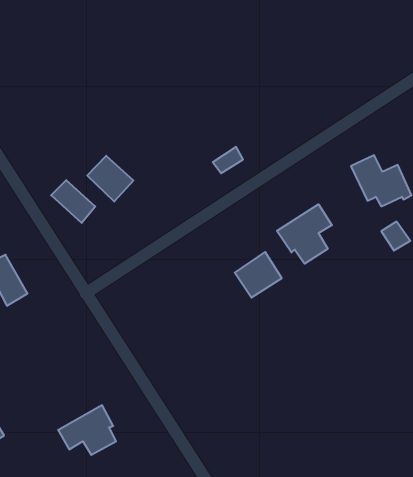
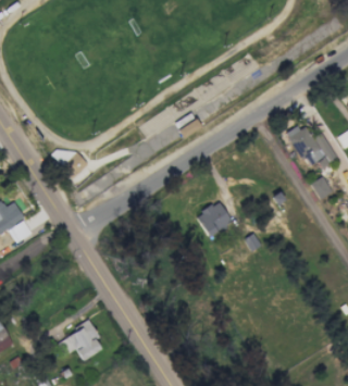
building: [87,156,133,202] -> none
building: [277,204,332,264] -> none

